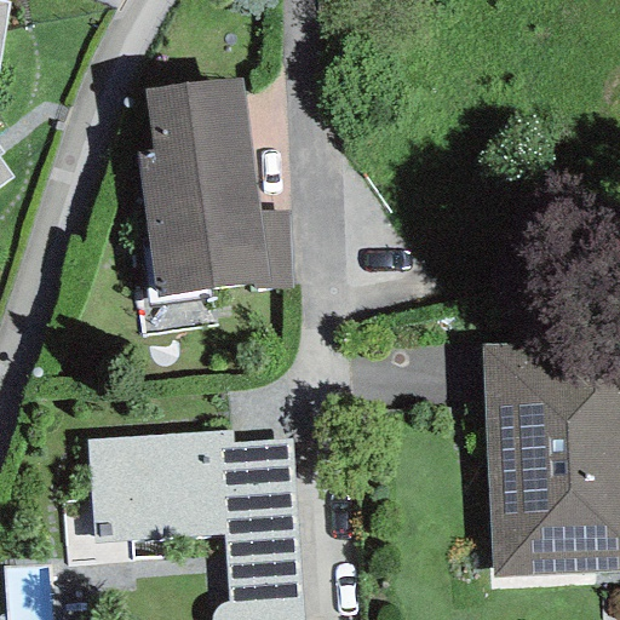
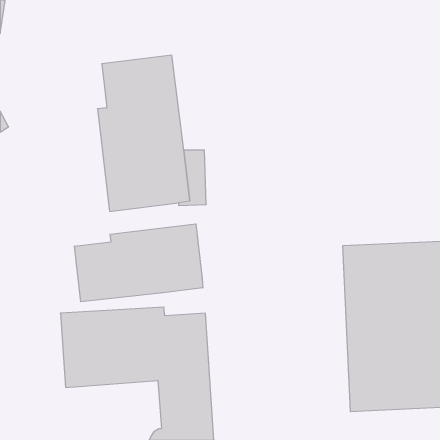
building: none -> [74,224,203,302]

